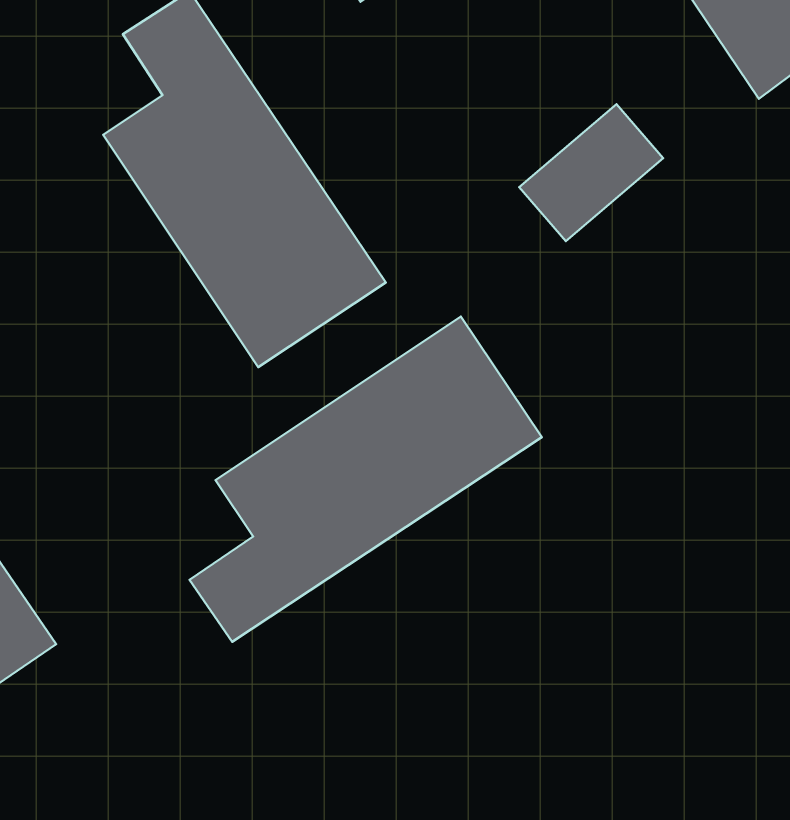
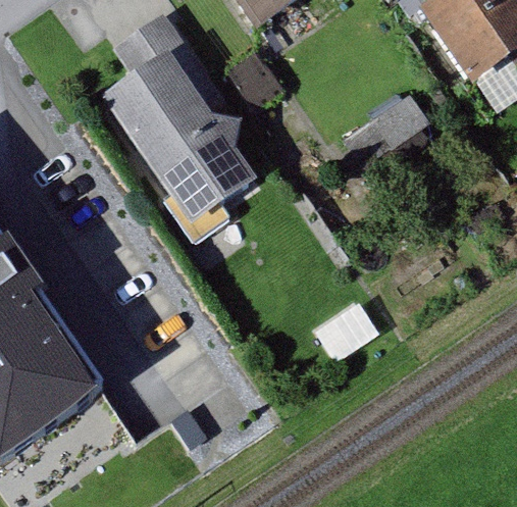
building: [189,317,542,642] -> none

